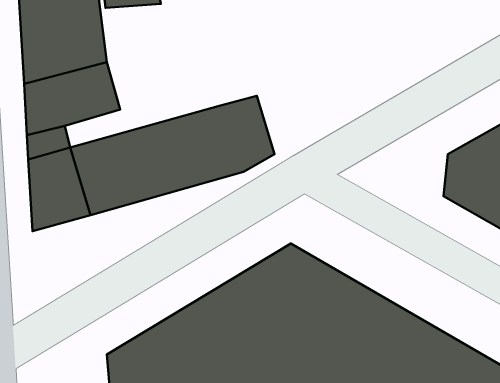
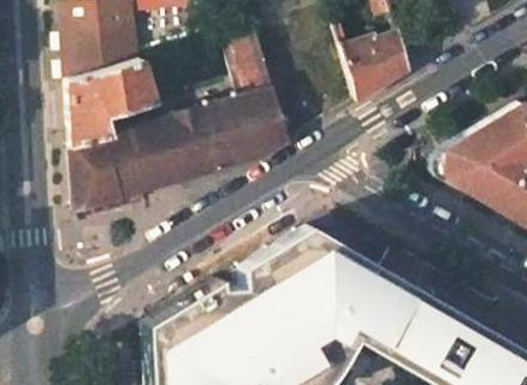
building: none -> [225,30,276,100]
building: none -> [343,31,410,101]

